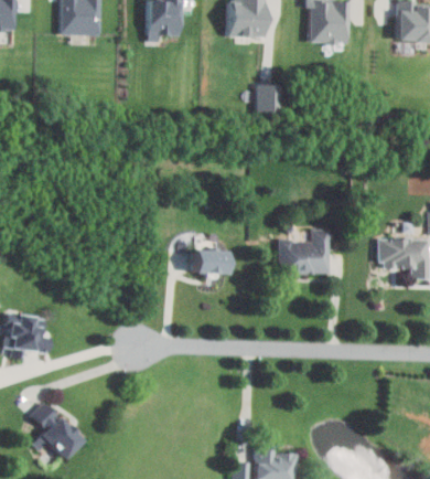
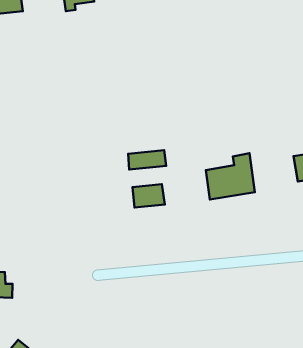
building: [256,86,280,110] -> none
building: none -> [128,150,166,170]

